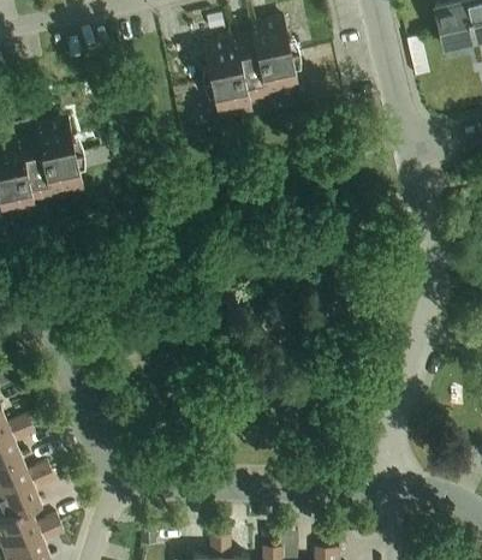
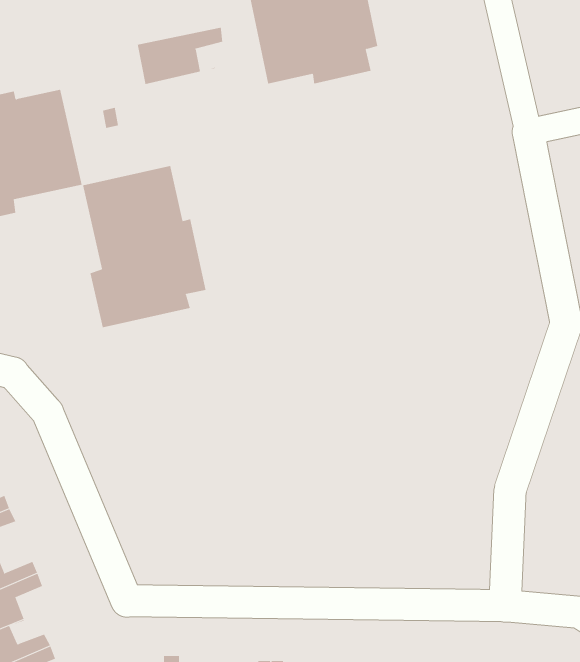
building: none -> [137,27,223,85]
building: none -> [82,165,206,328]

